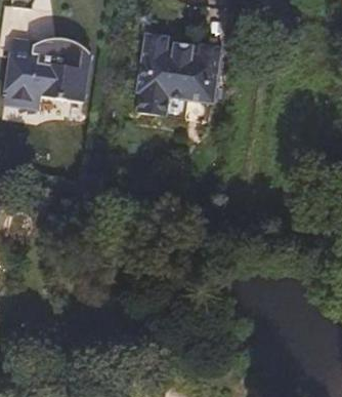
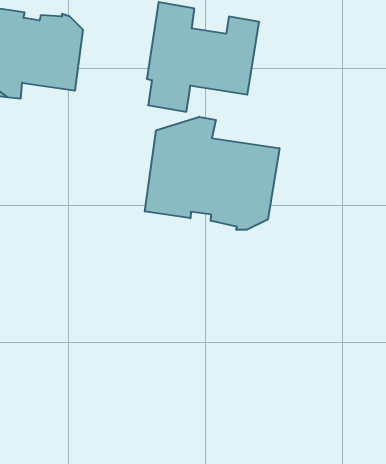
building: none -> [145,117,279,230]

